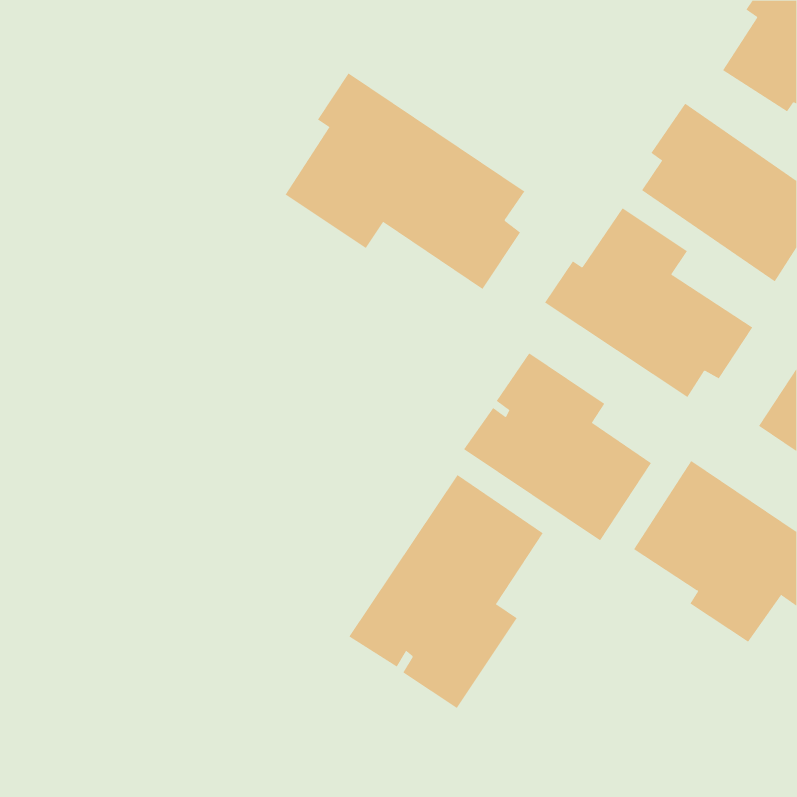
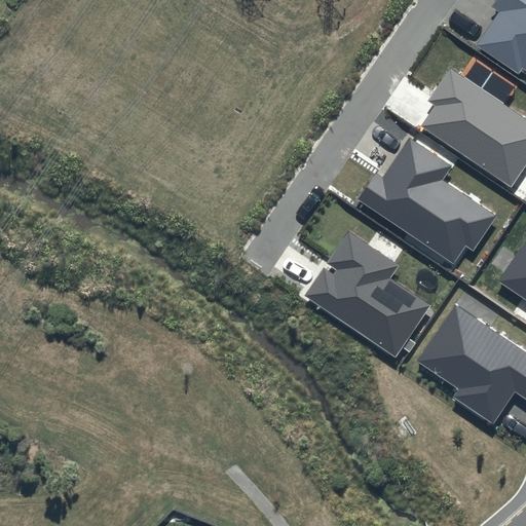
building: [285,73,525,290] -> none
building: [348,474,543,709] -> none

